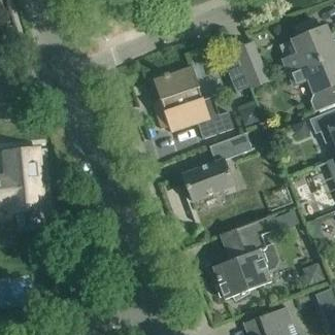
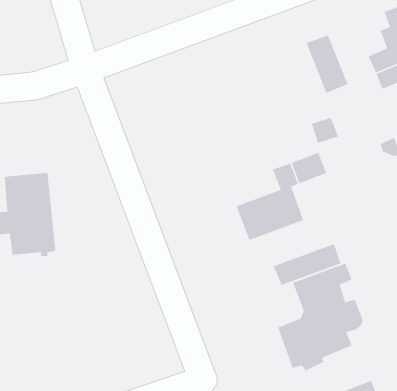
building: [152,66,234,138] -> none
building: none -> [273,243,342,286]

